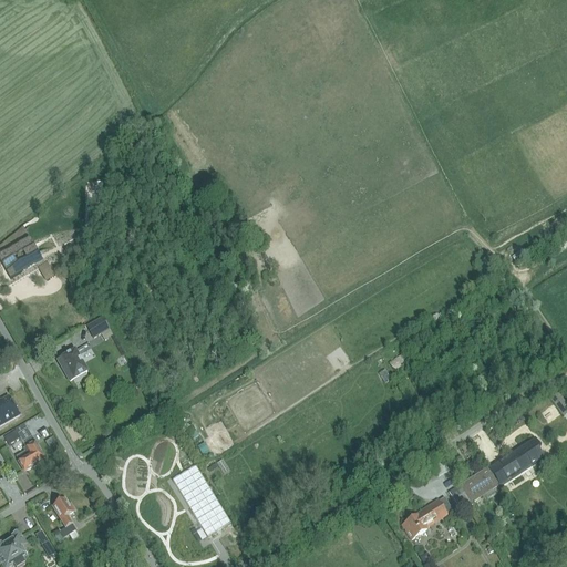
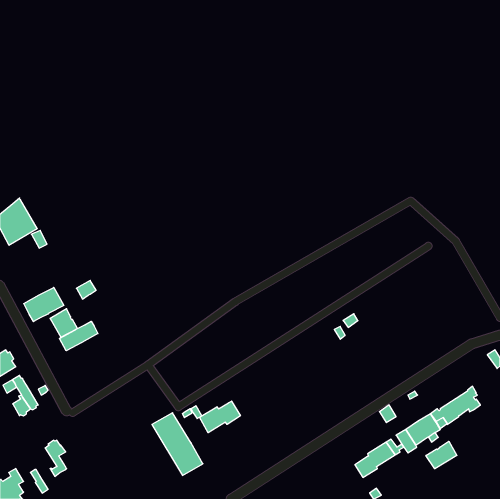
building: none -> [24,287,64,322]
building: none -> [59,321,98,351]
building: none -> [199,401,240,433]
building: none -> [426,441,457,469]

